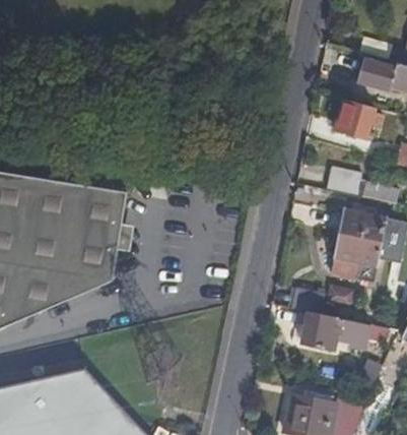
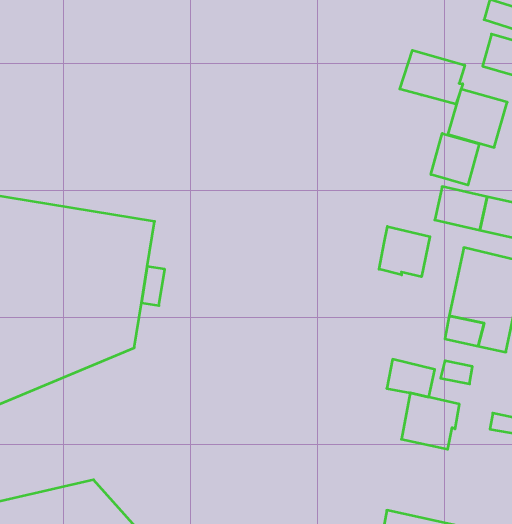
building: none -> [400,50,465,104]
building: none -> [431,133,479,185]
building: none -> [379,226,430,277]

